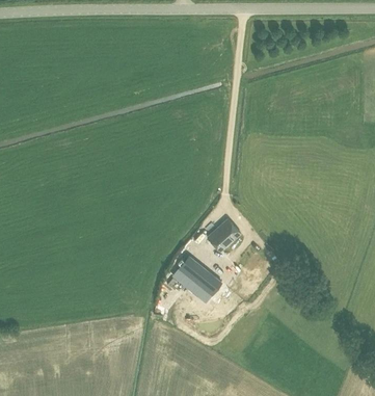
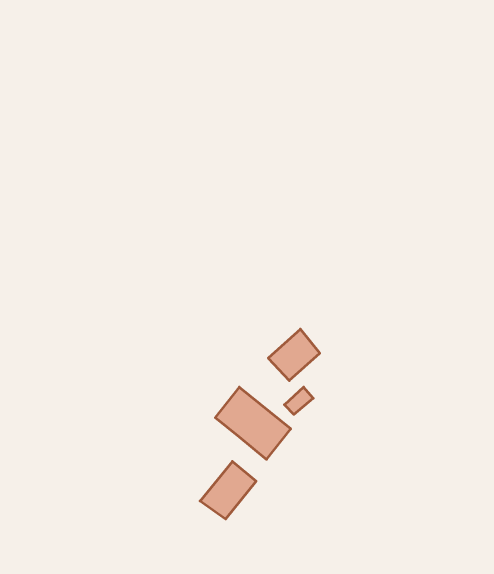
building: none -> [200,461,256,519]

